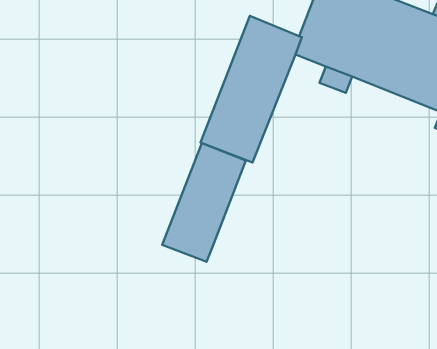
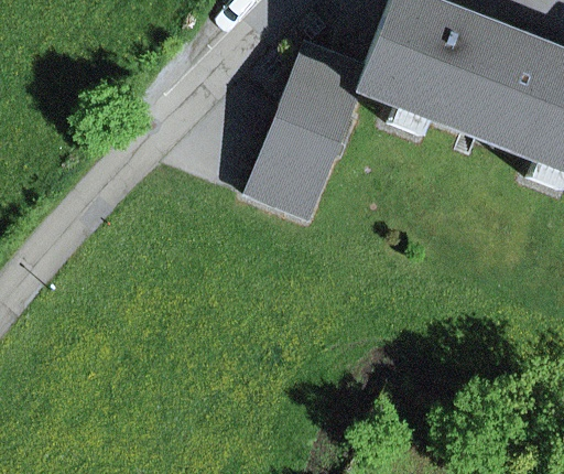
building: [162,143,246,262] -> none

